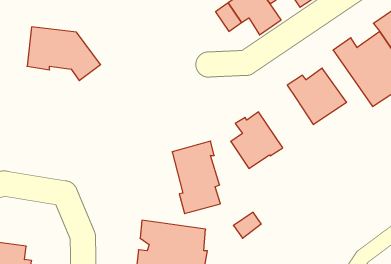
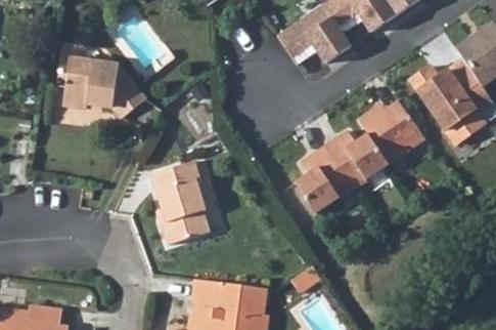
building: none -> [325,133,388,194]
building: [172,141,220,214] -> [151,159,207,242]

